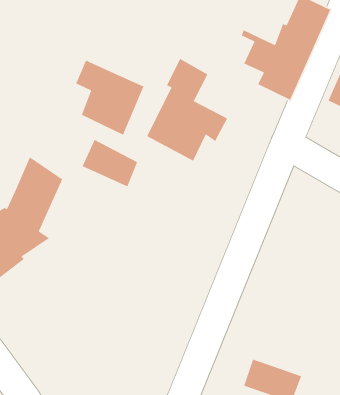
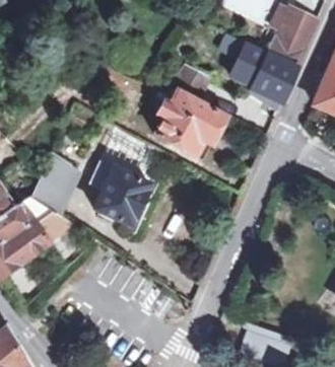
building: [75,60,144,136] -> [88,160,149,227]

